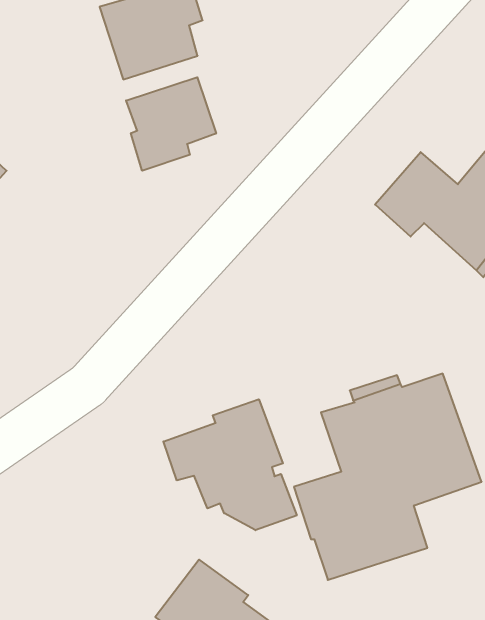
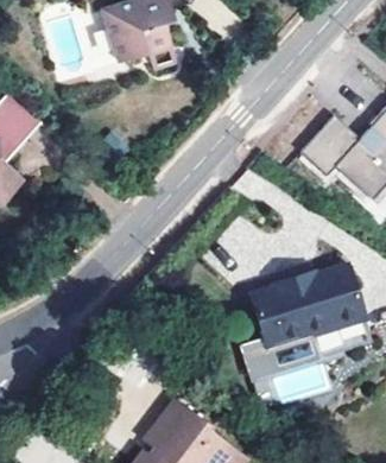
building: [126,77,216,171] -> none
building: [163,399,297,530] -> none

